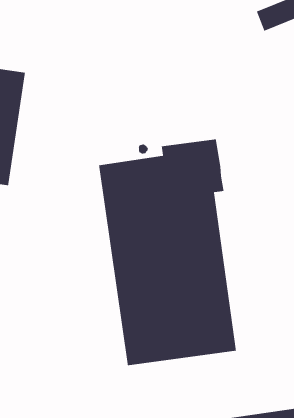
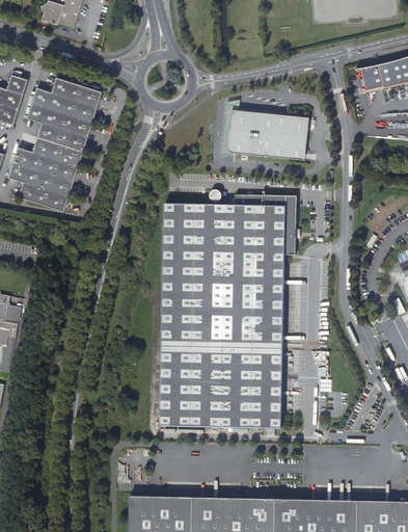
building: none -> [220,100,307,160]

